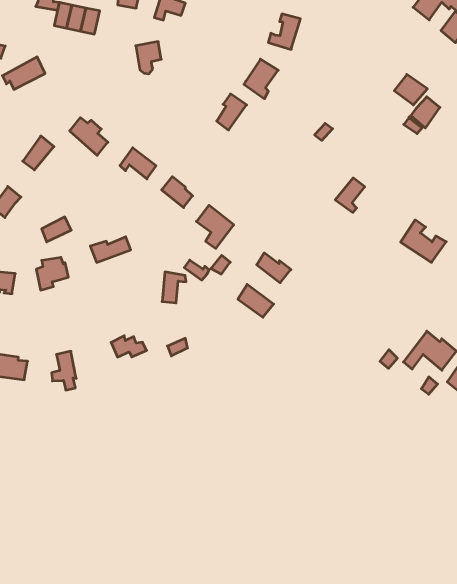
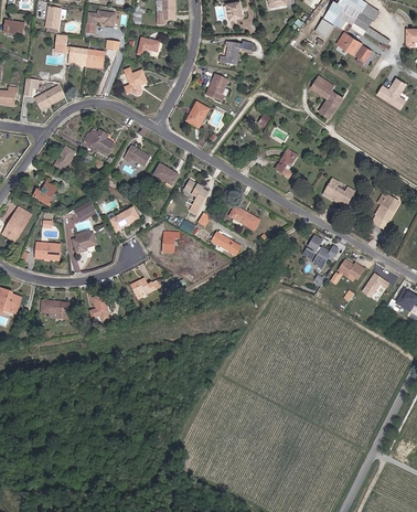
building: none -> [309,232,343,266]

